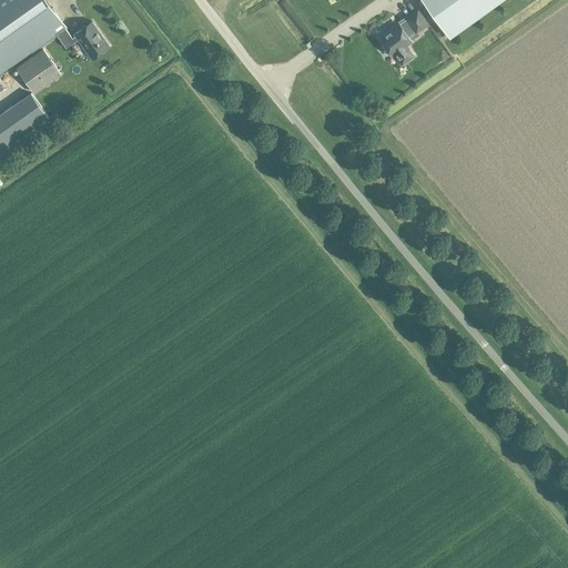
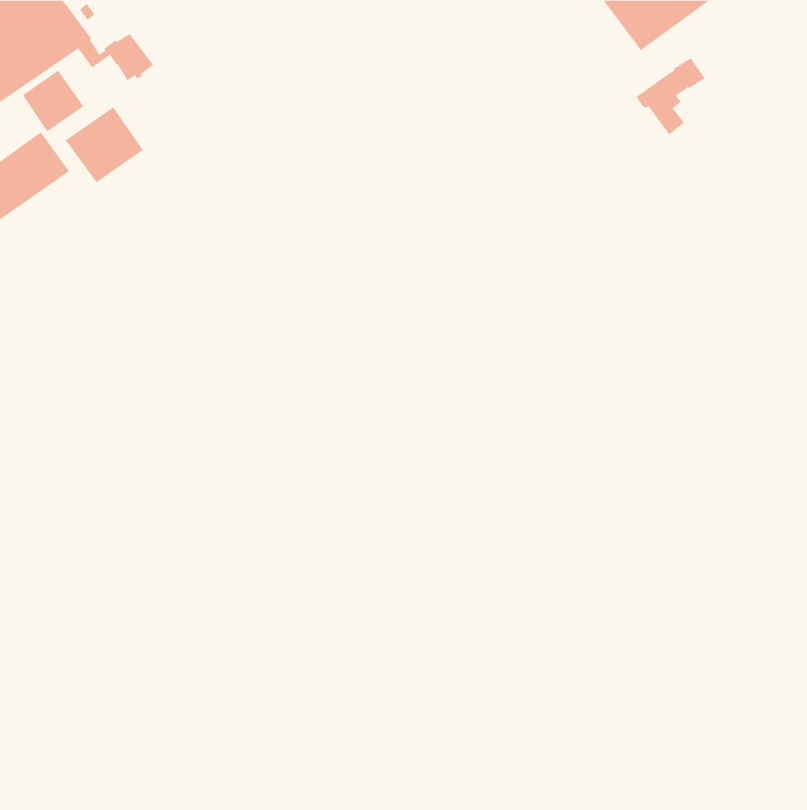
building: [377,10,426,64] -> [636,58,705,135]
building: none -> [64,107,144,183]

